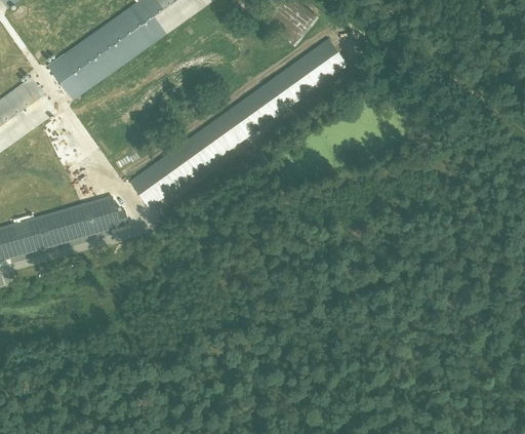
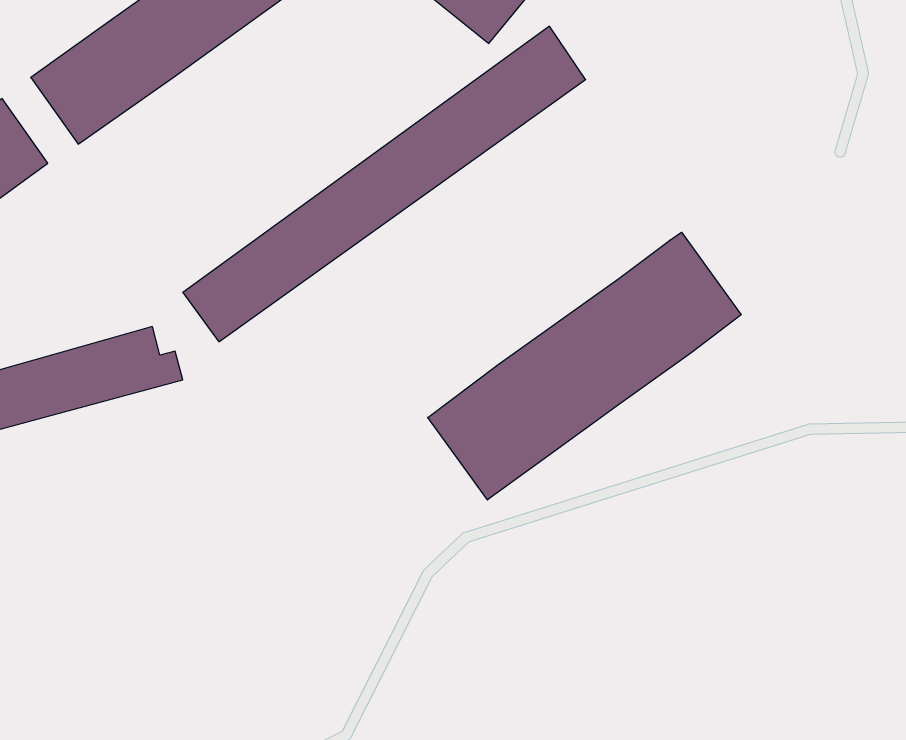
building: none -> [428,232,741,500]

